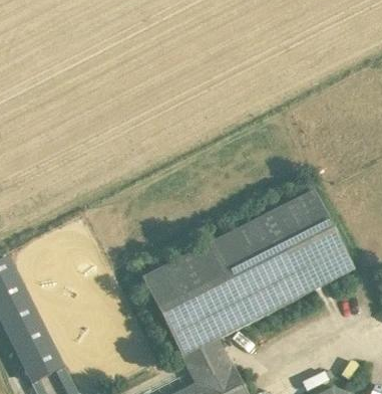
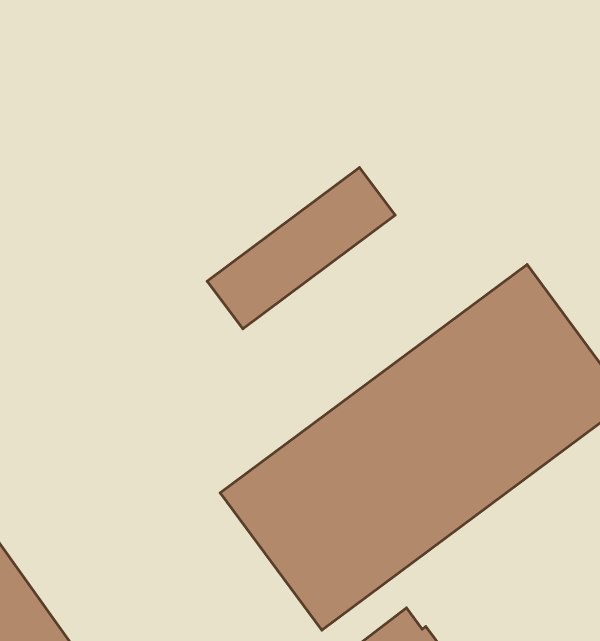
building: none -> [207,168,395,329]

